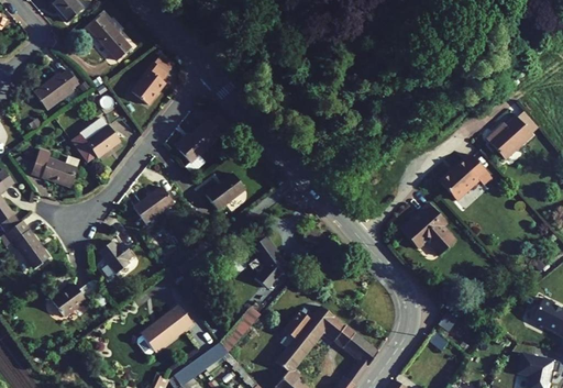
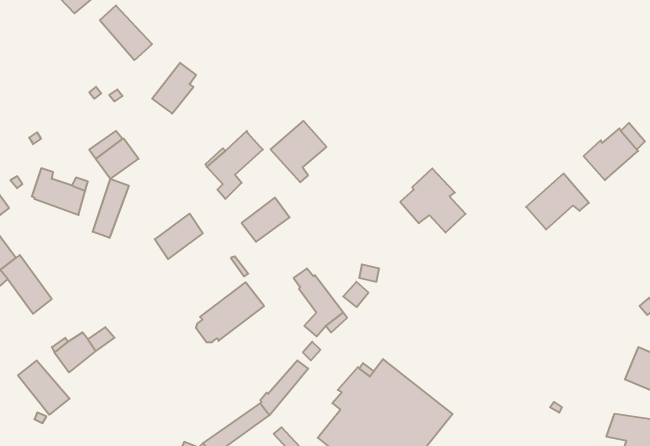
building: [33,70,78,110] -> none
building: none -> [271,121,326,182]
building: none -> [93,179,129,238]
building: [401,203,455,256] -> [400,168,466,233]
building: [98,242,132,279] -> none
building: [136,304,192,354] -> [196,282,264,342]
building: none -> [18,360,70,415]

